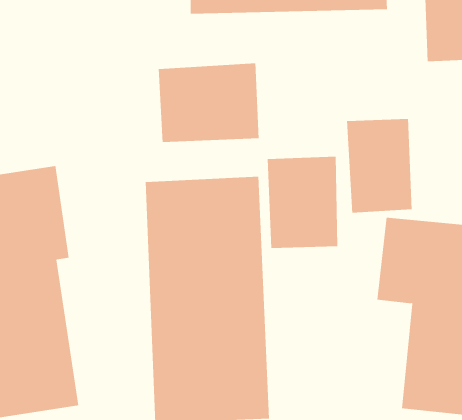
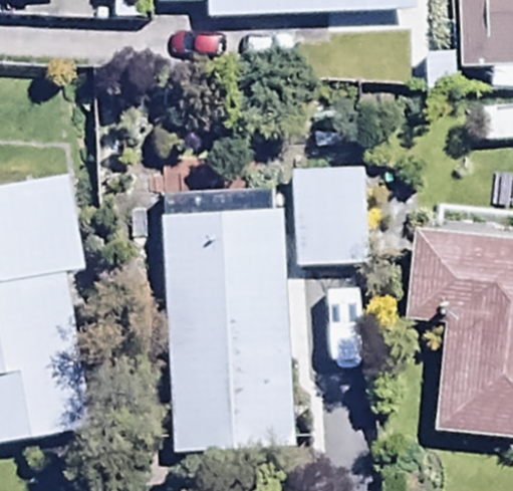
building: [158,63,259,143] -> none
building: [346,118,412,213] -> none

